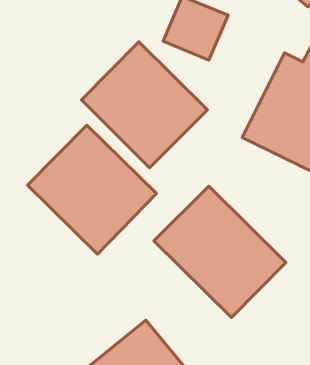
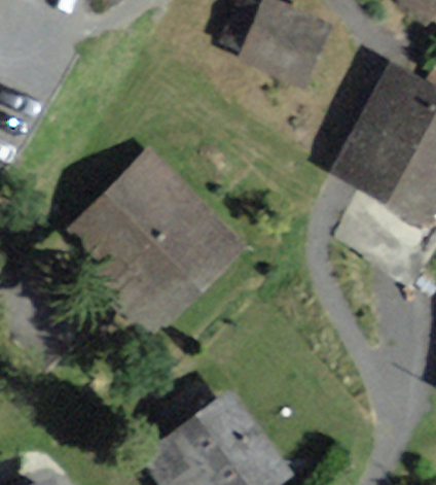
building: [82,42,208,168] -> none
building: [154,186,286,318] -> none

